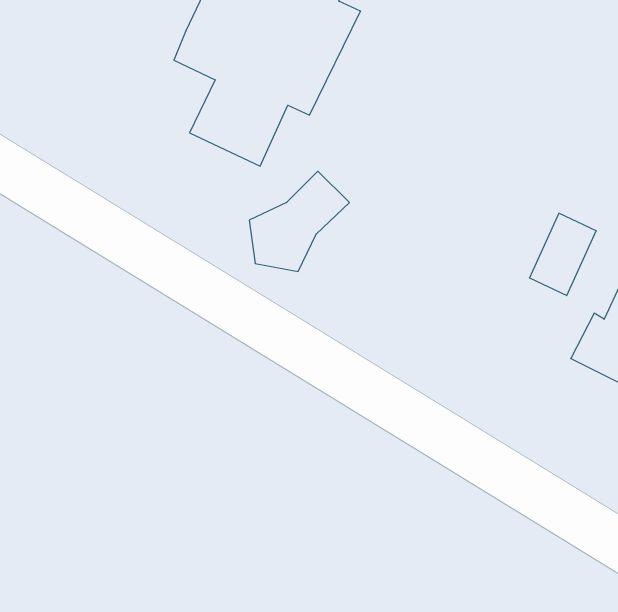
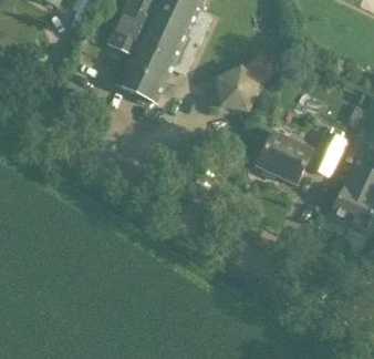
building: [249,171,349,271] -> [218,52,274,109]
building: none -> [254,131,312,186]

